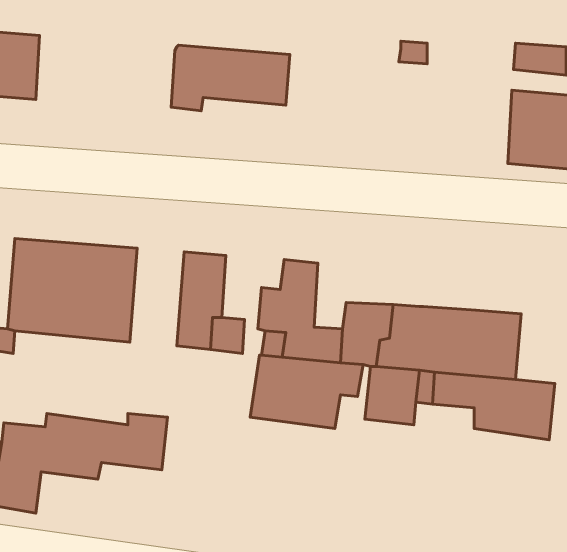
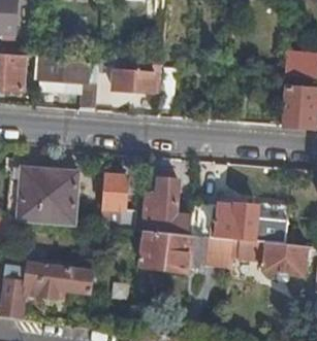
building: none -> [36,57,99,111]

